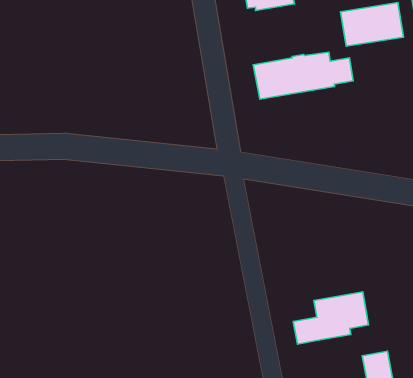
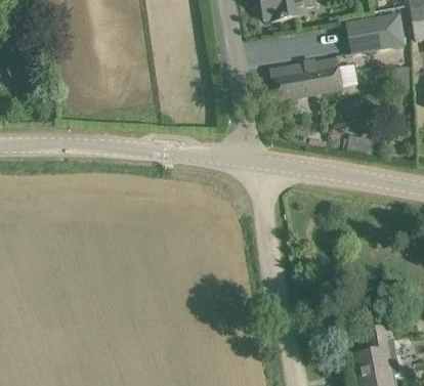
building: [293,292,369,344] -> none

